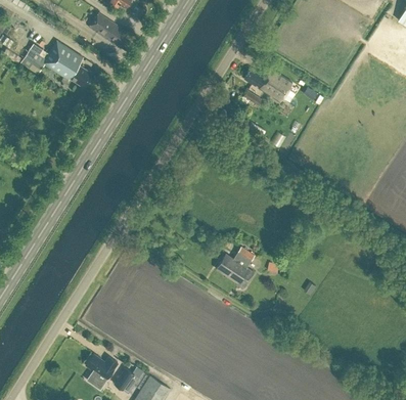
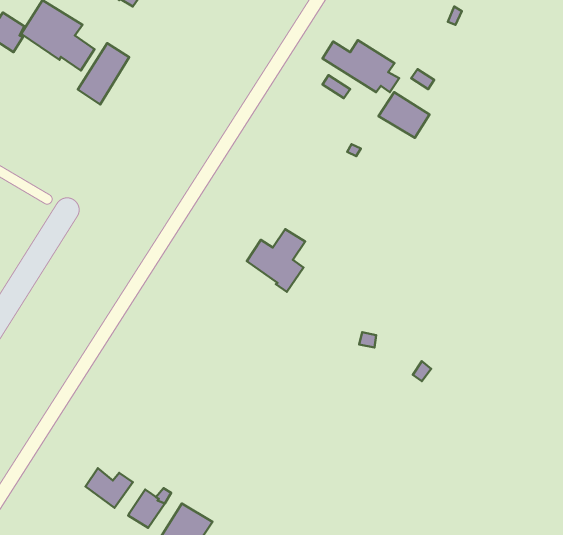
building: none -> [78,43,129,105]
building: none -> [378,92,429,138]
building: [216,247,255,288] -> [247,229,305,292]

